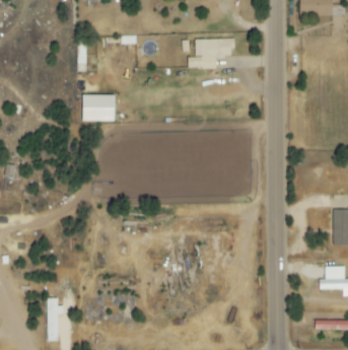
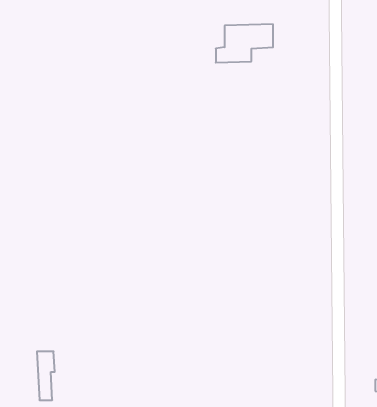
building: [82,94,114,121] -> none

